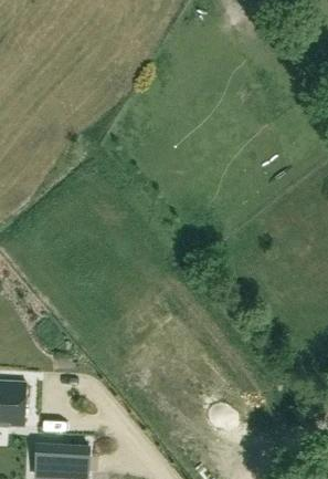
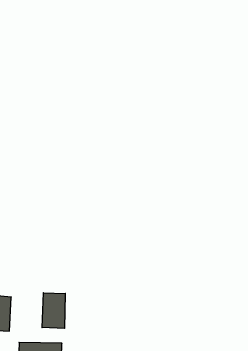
building: none -> [42,293,65,328]

